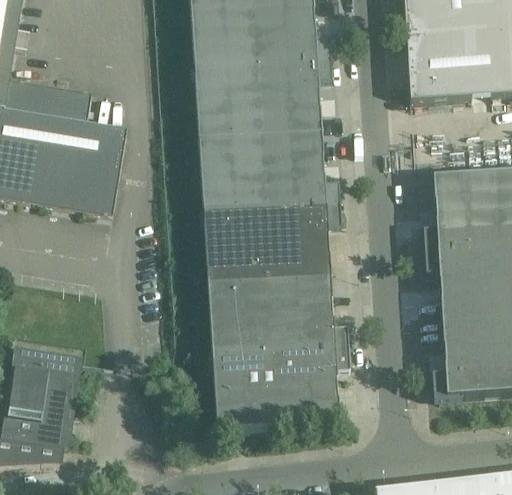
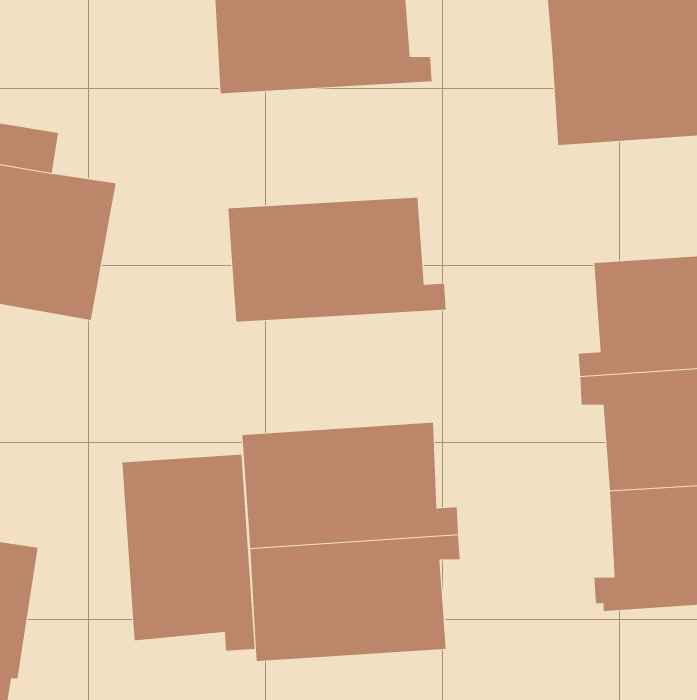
building: [194,58,331,139] -> none
building: [204,204,340,284] -> none
building: none -> [122,454,255,652]

